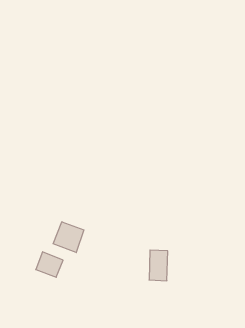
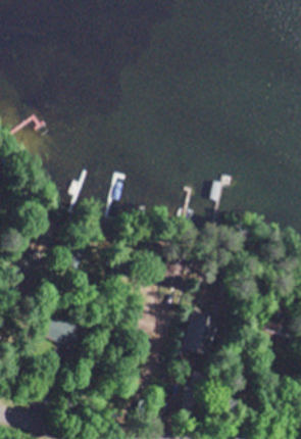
building: [53,222,84,253] -> none

